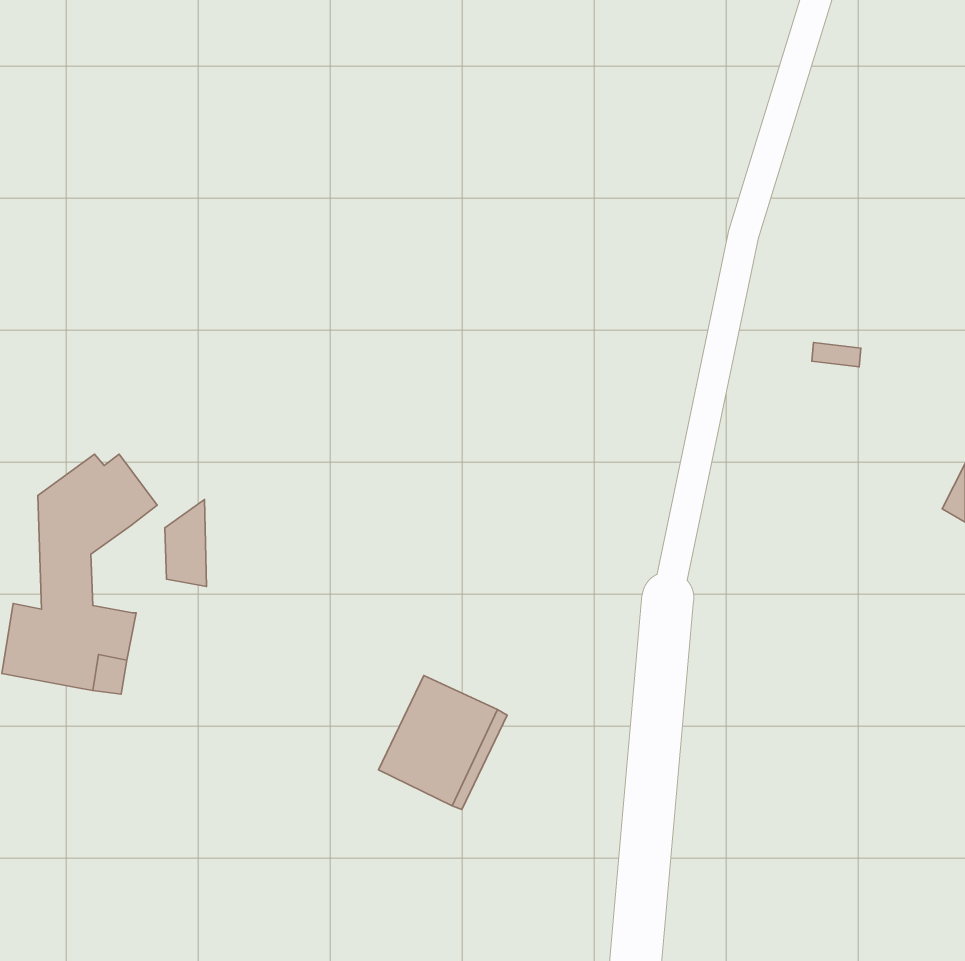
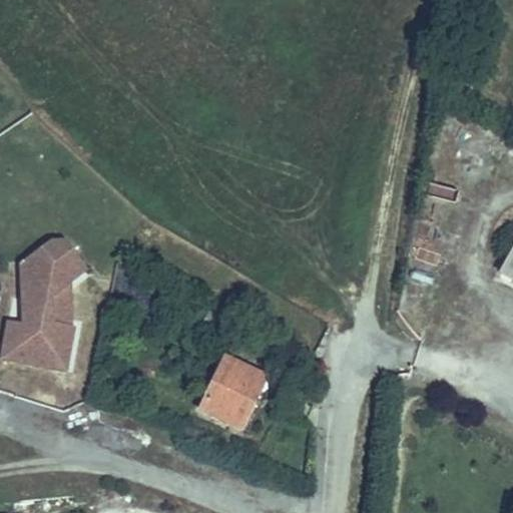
building: [165,500,206,587] -> [48,279,70,325]

